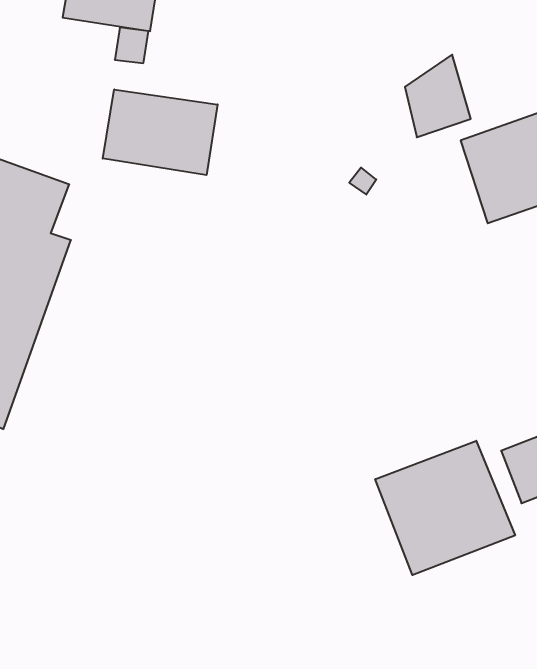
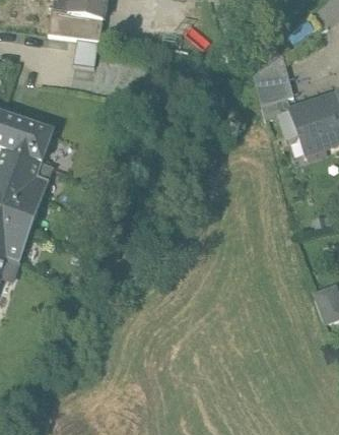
building: [103,89,218,175] -> none
building: [375,441,515,575] -> none

